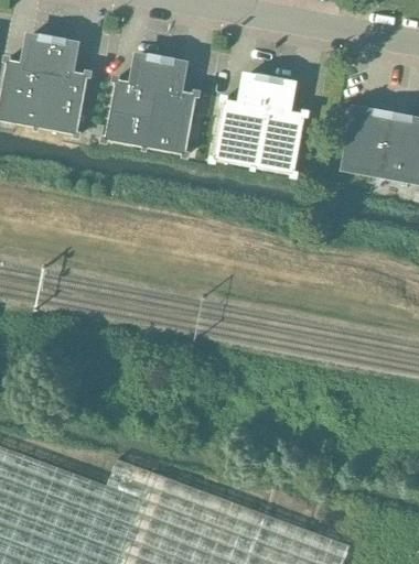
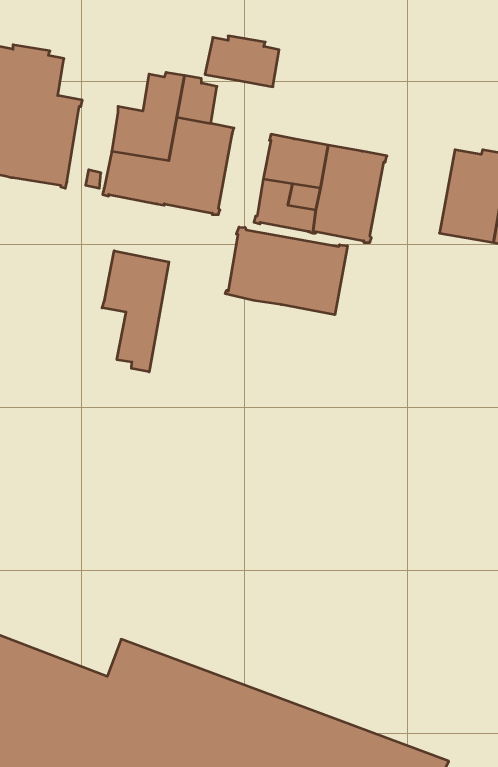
building: [240,74,293,110] -> [205,36,279,87]
building: none -> [225,227,347,315]
building: none -> [102,251,169,372]

